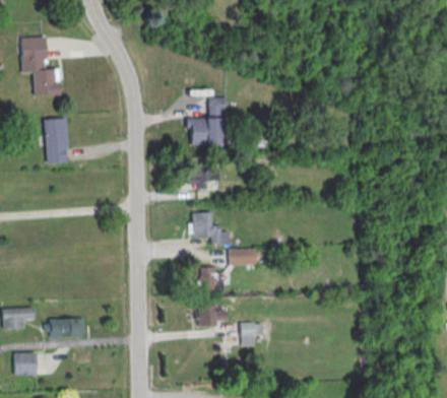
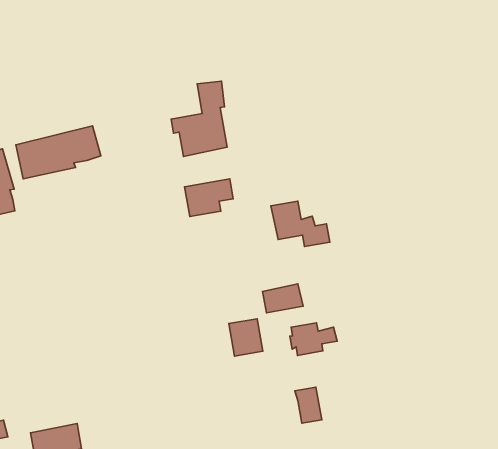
building: none -> [16,126,101,179]
building: [193,212,230,245] -> [271,201,330,247]
building: [196,305,229,325] -> [290,323,337,355]

